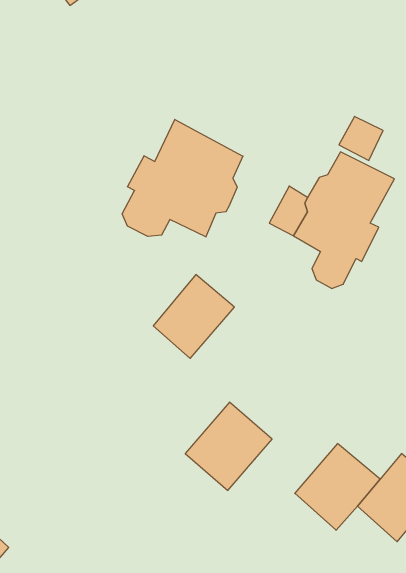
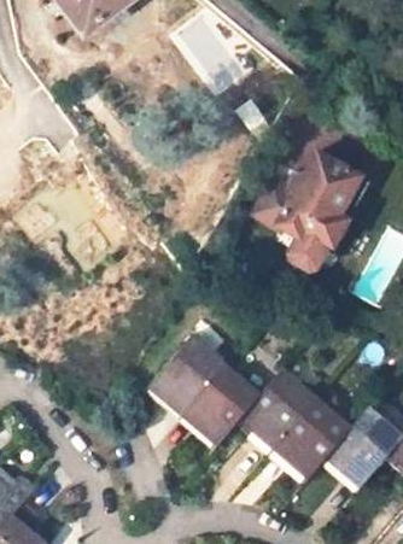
building: [122,119,243,237] -> none
building: [153,275,234,358] -> [152,339,221,410]
building: none -> [243,373,313,444]

